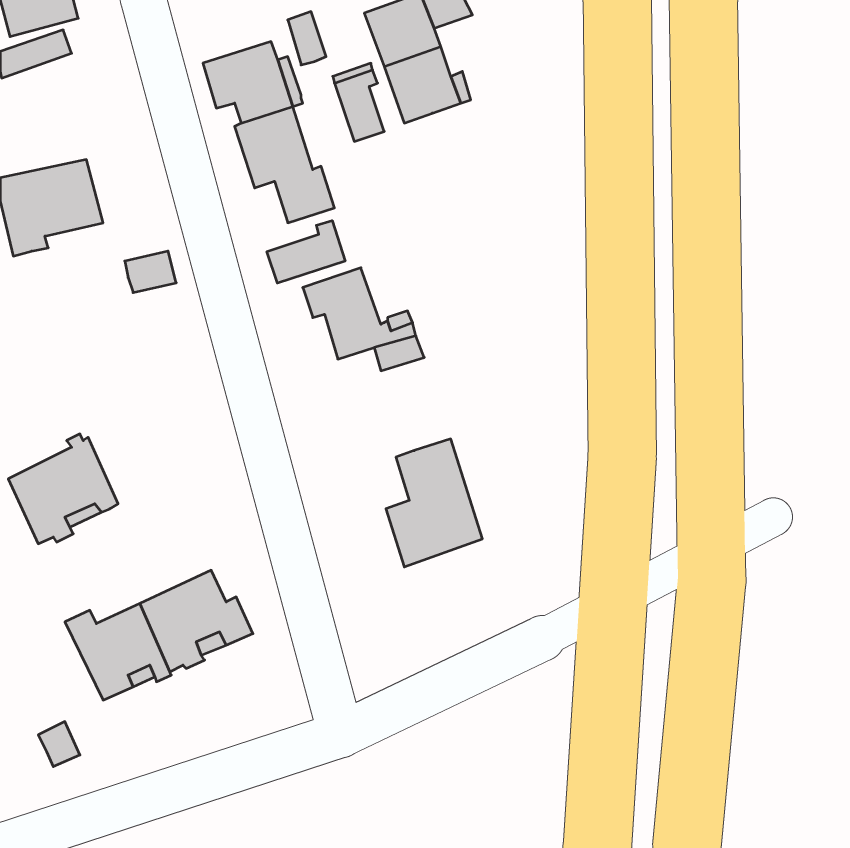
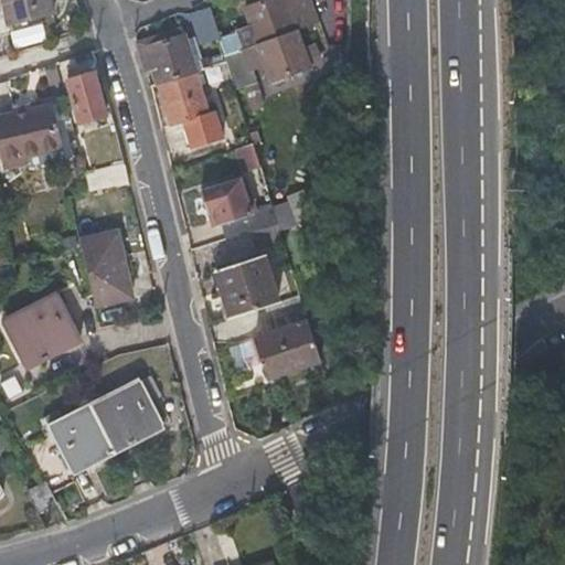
building: none -> [70,75,106,119]
building: [267,221,345,283] -> none
building: none -> [79,232,135,305]
building: none -> [214,256,275,316]

